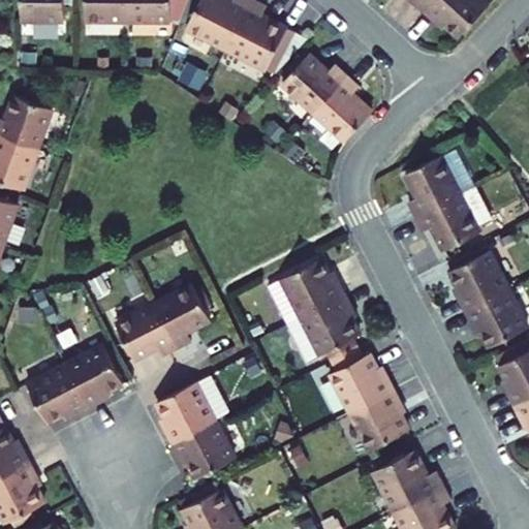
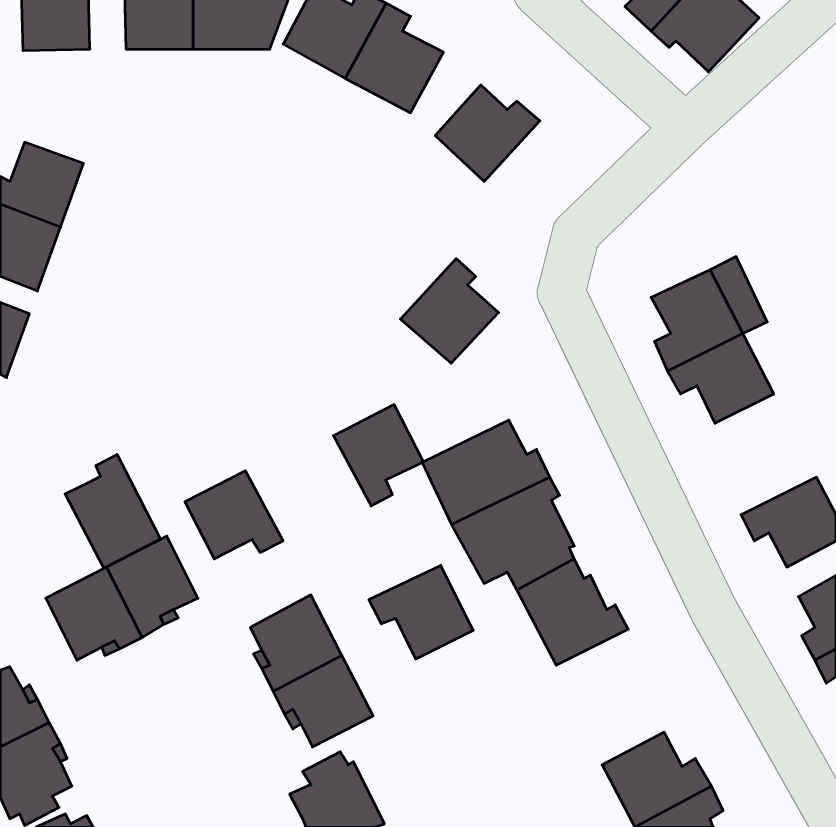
building: [306,76,368,143] -> [400,259,499,363]
building: [460,267,516,325] -> none
building: [155,278,212,342] -> [333,405,423,506]
building: none -> [65,454,161,568]
building: none -> [369,565,473,659]
building: [351,398,412,460] -> none

